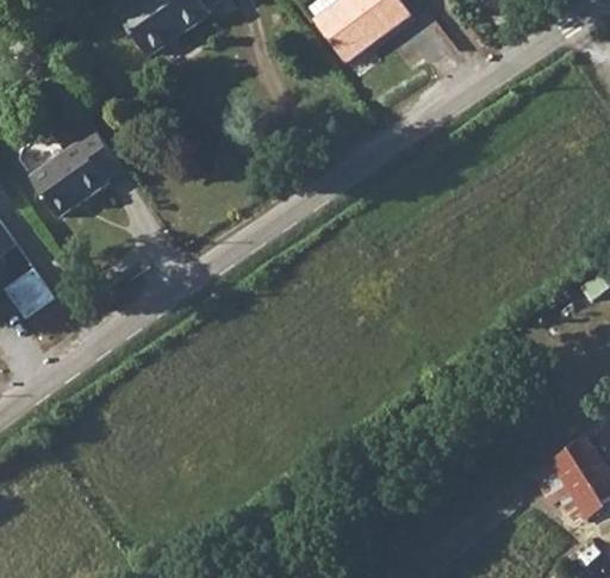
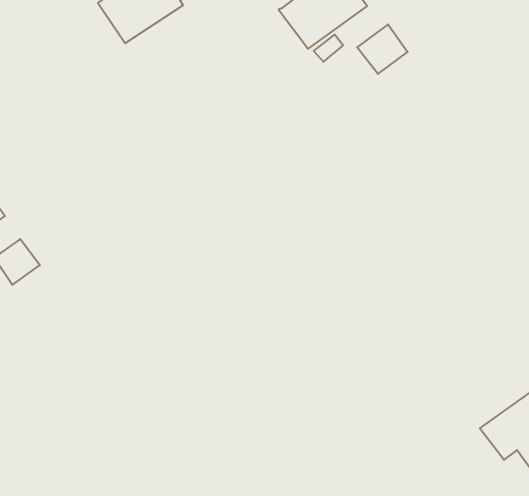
building: none -> [357,24,408,74]
building: [30,126,122,216] -> none

